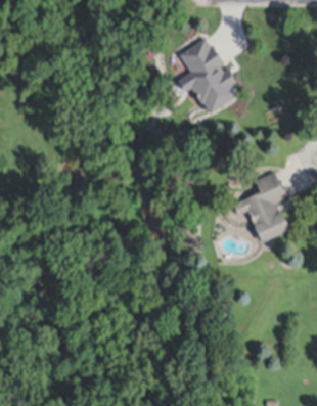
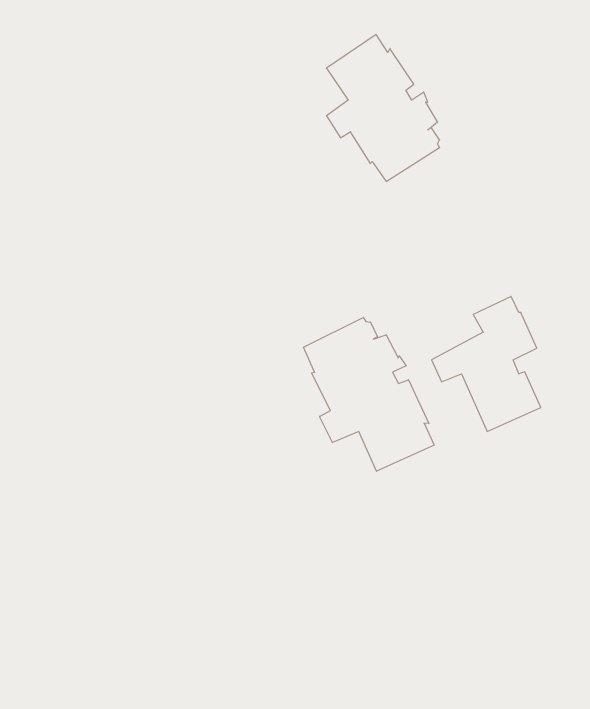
building: none -> [304,317,434,471]

